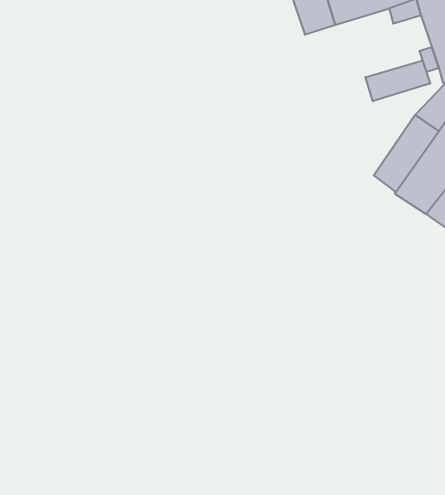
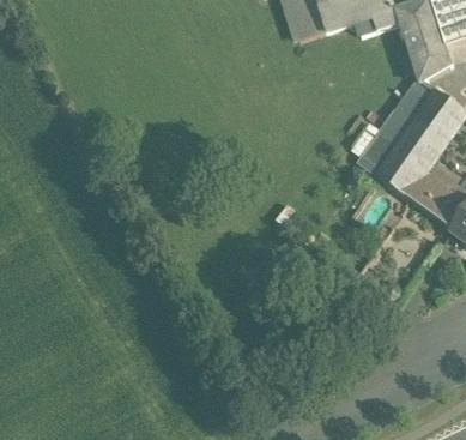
building: [365,61,430,101] -> none

